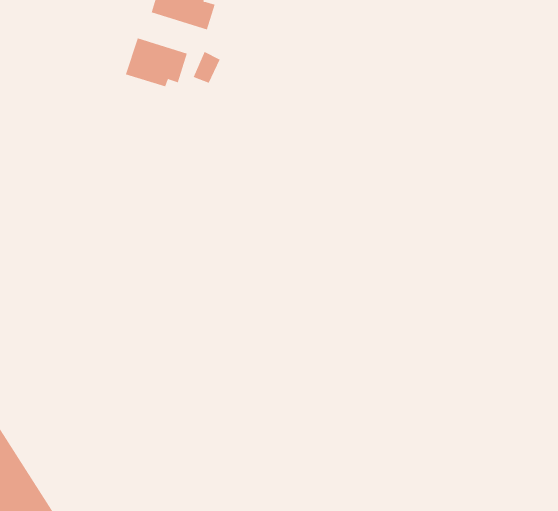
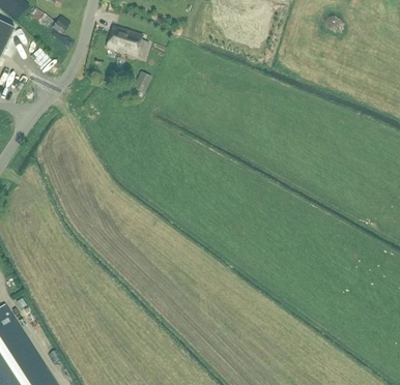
building: [125,37,188,87] -> none

